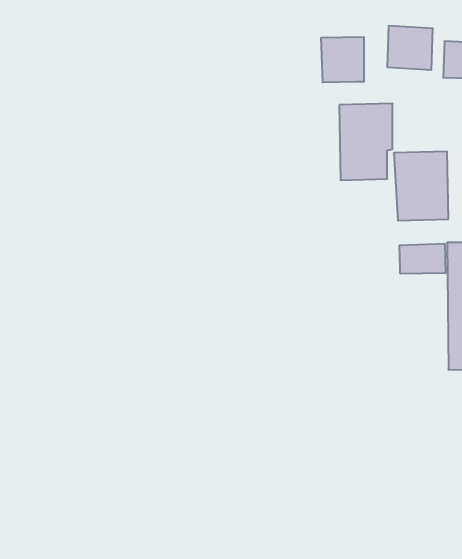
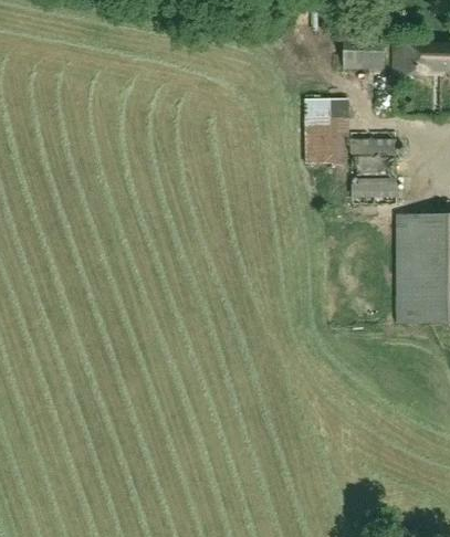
building: [321,37,364,83] -> none
building: [399,244,445,274] -> none

